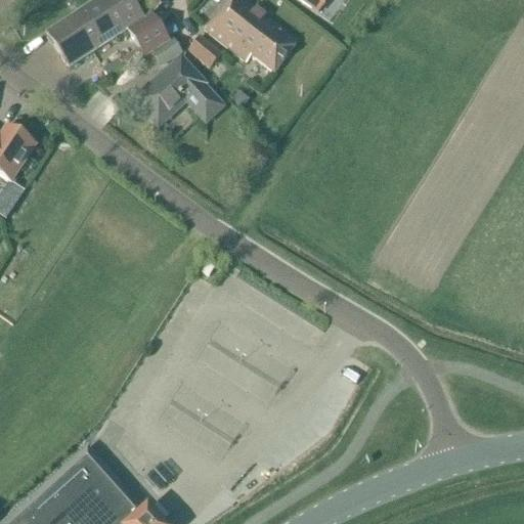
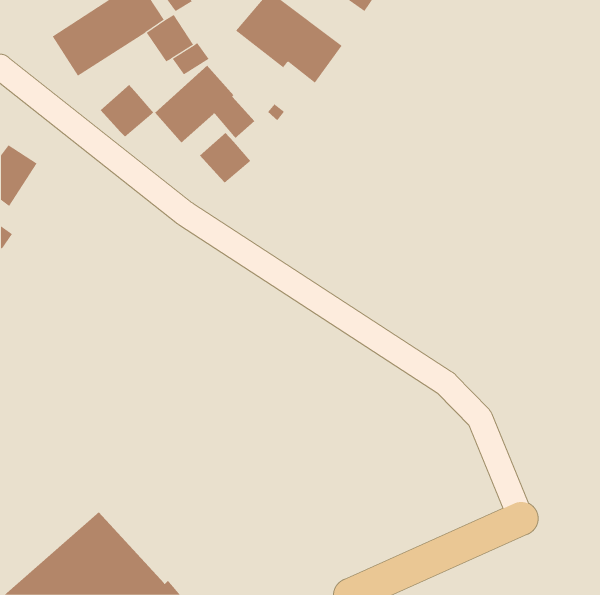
building: [187,34,223,67] -> none
building: none -> [100,84,154,138]
building: none -> [199,132,251,184]

